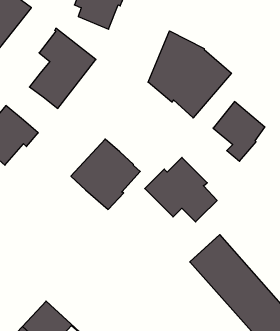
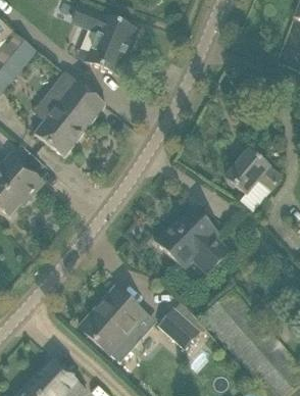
building: [148,31,231,118] -> none
building: [71,139,140,209] -> [80,287,152,360]
building: none -> [158,306,201,347]

